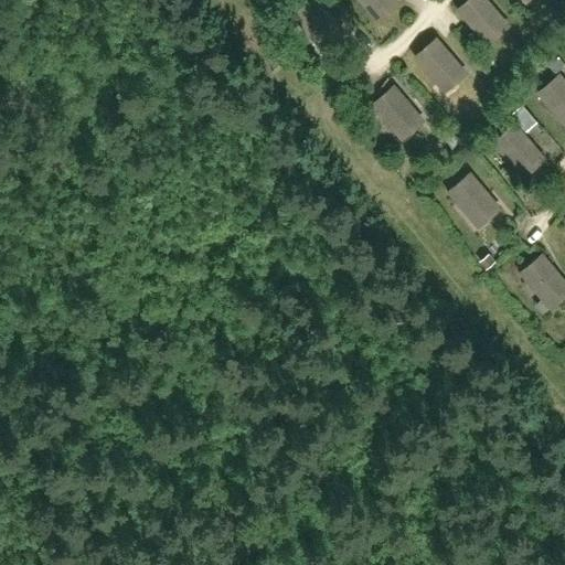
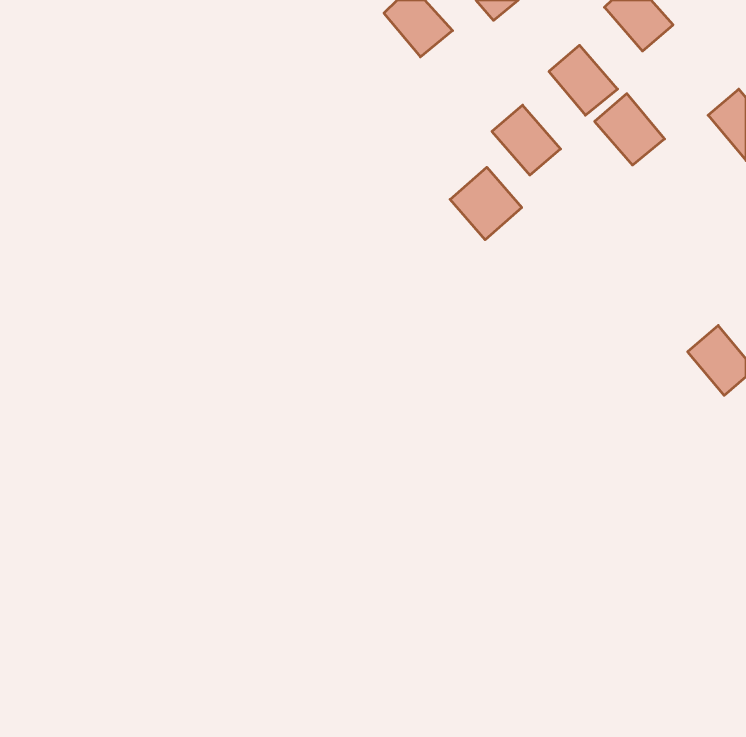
building: [492,122,545,177] -> [595,94,665,165]
building: none -> [450,167,522,240]
building: [448,172,500,226] -> none

